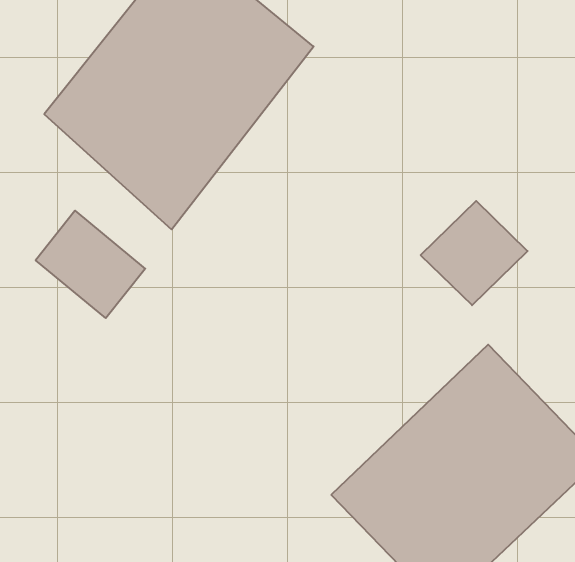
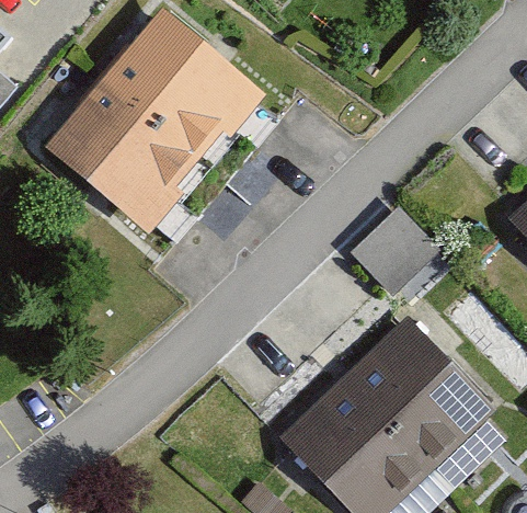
building: [36,211,145,318] -> none

